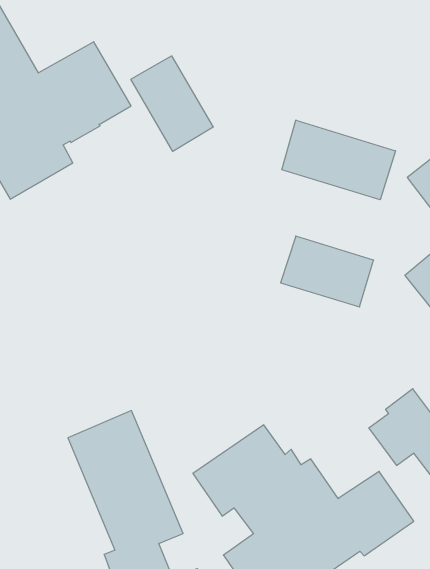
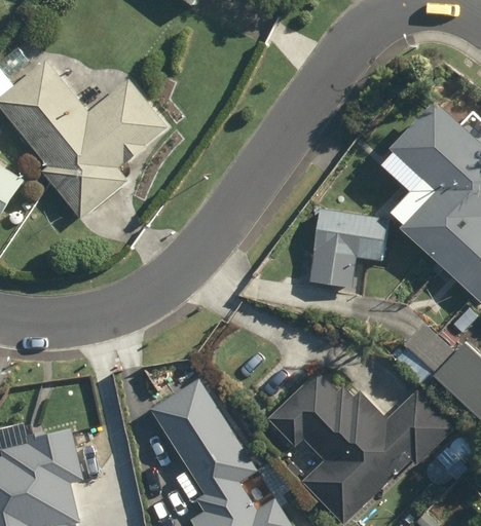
building: [131,56,213,151] -> none
building: [282,120,396,200] -> none

